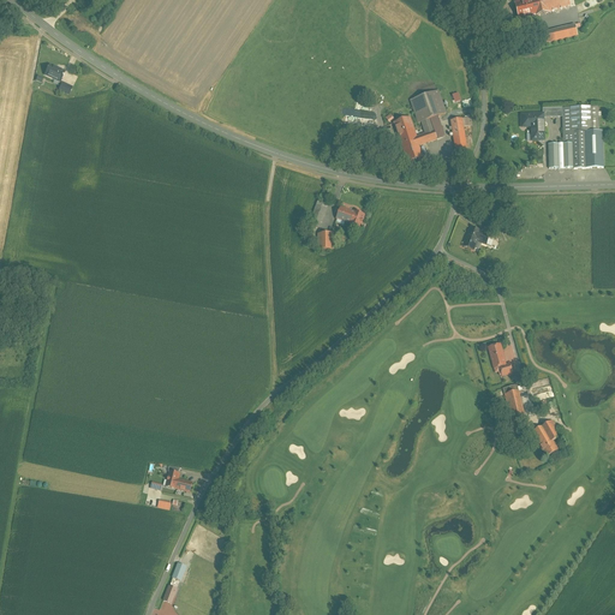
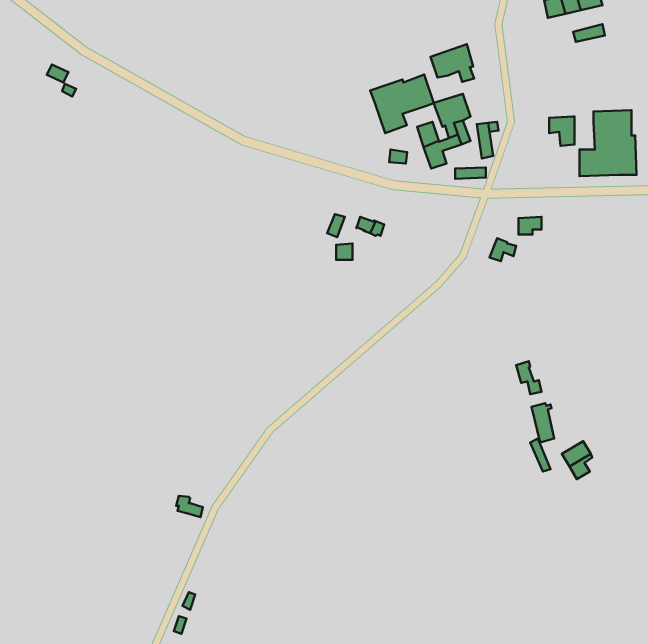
building: none -> [431,44,474,82]
building: none -> [370,75,434,133]

